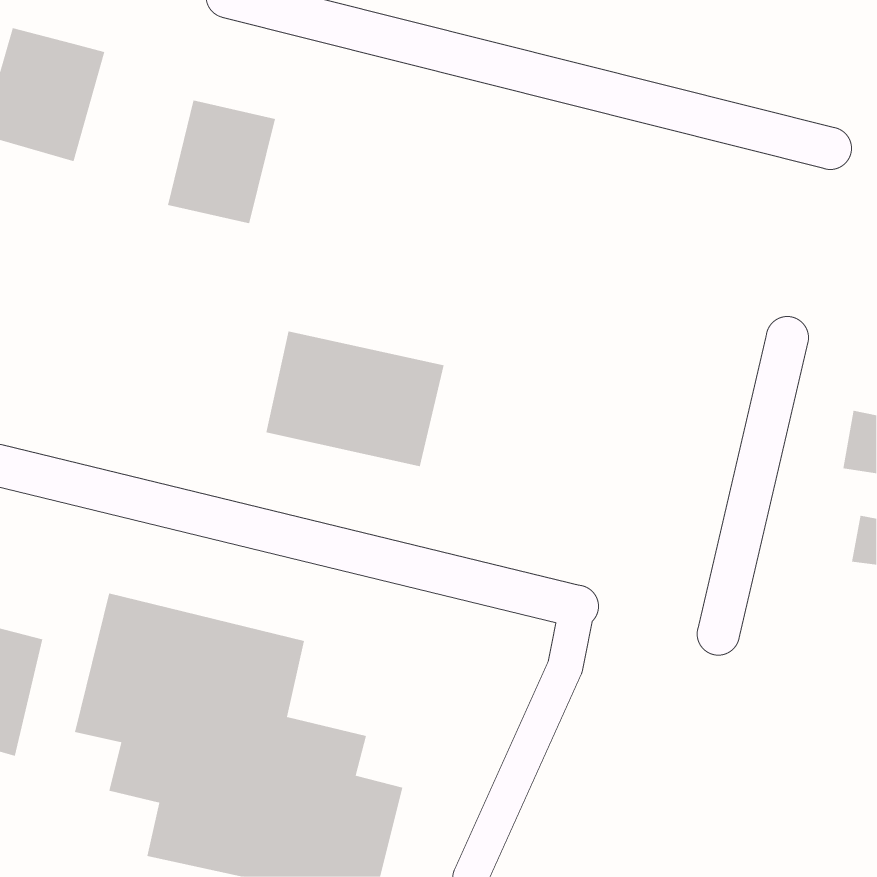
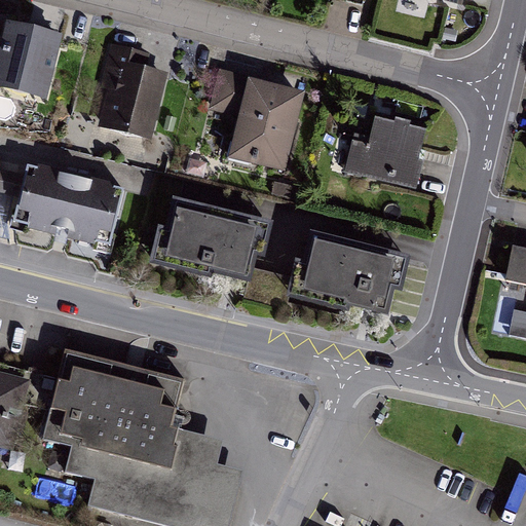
building: none -> [209,73,304,171]
building: none -> [345,114,424,190]
building: none -> [11,161,122,241]
building: none -> [290,230,399,311]

